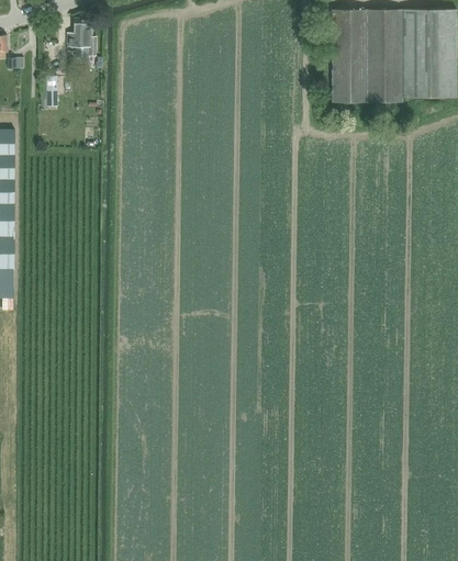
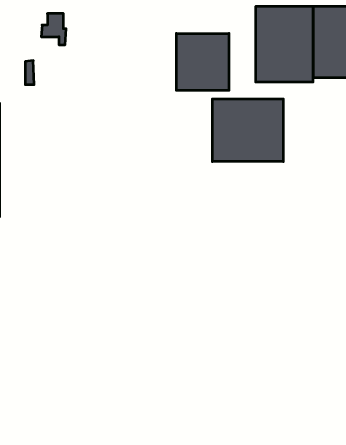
building: none -> [176,33,229,90]
building: none -> [212,99,283,162]

